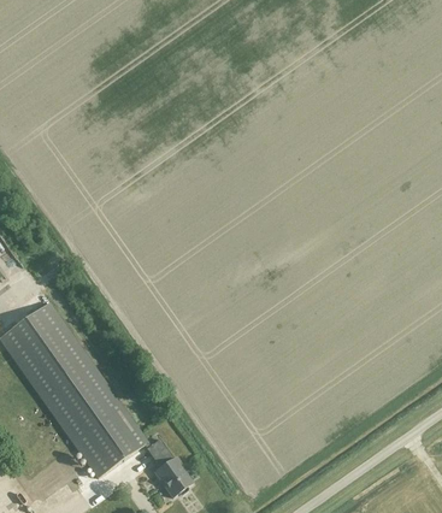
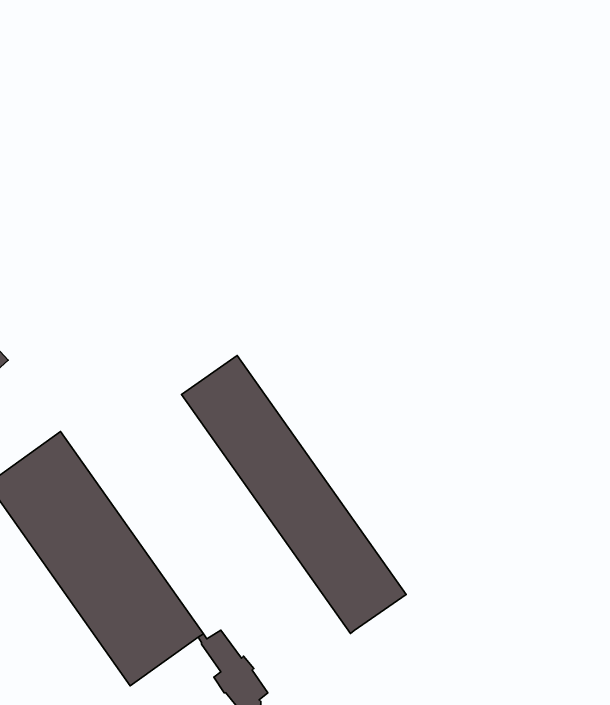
building: none -> [182,356,406,633]

